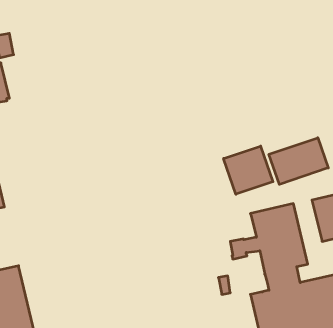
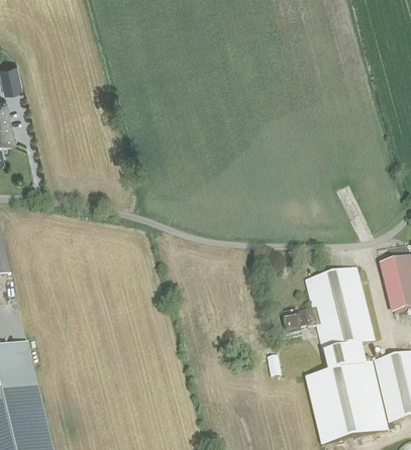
building: [269,138,328,184] -> none
building: [224,146,273,194] -> none

